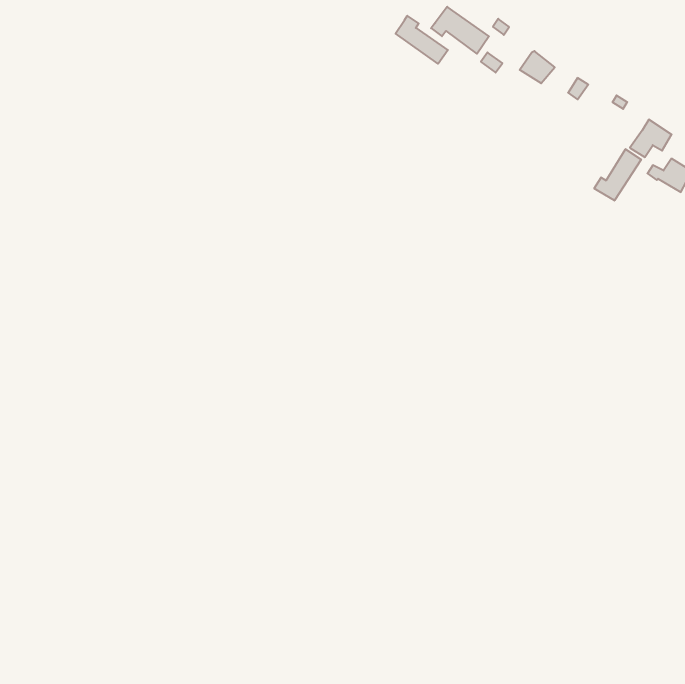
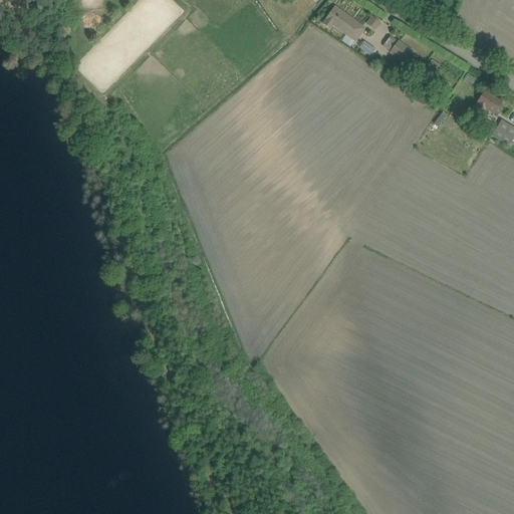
building: [396,16,448,64] -> none
building: [594,149,641,201] -> none

